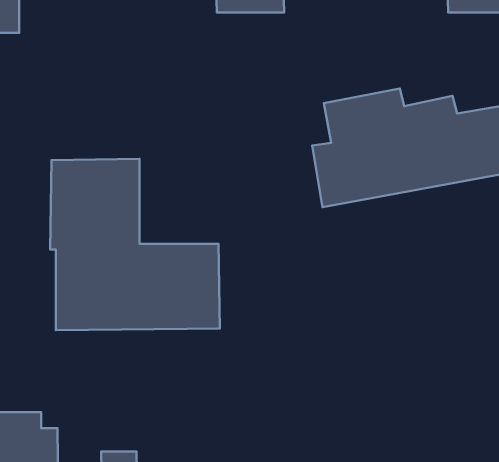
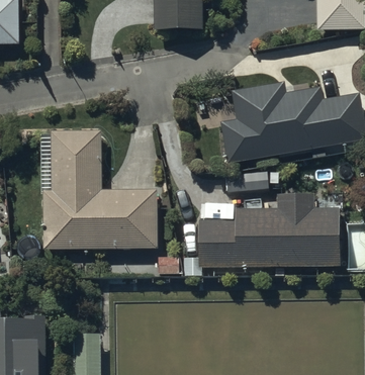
building: none -> [199,194,338,268]

